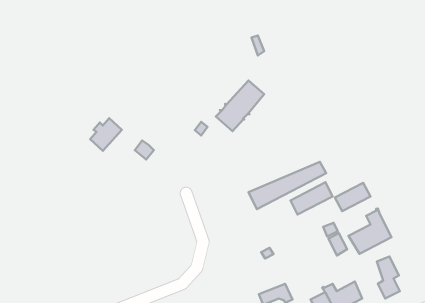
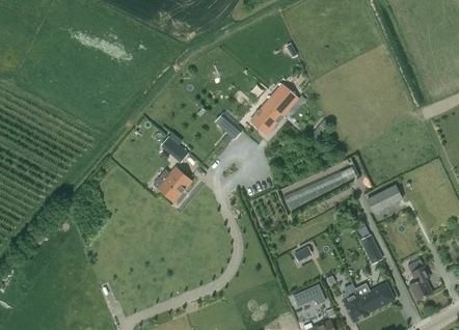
building: [90,118,122,151] -> [160,169,191,201]
building: [290,182,332,215] -> none
building: [348,208,392,254] -> none

